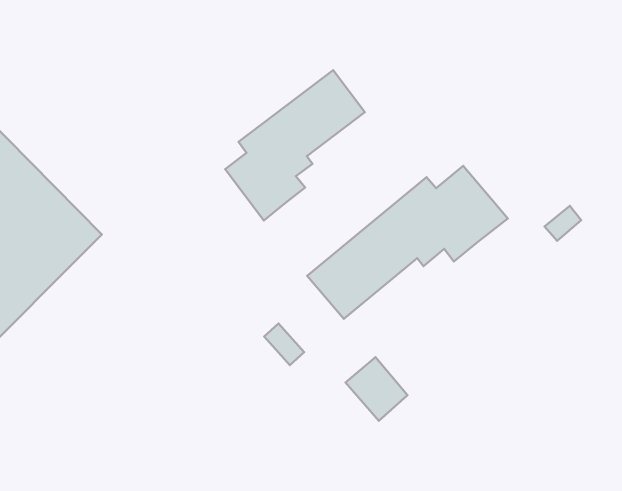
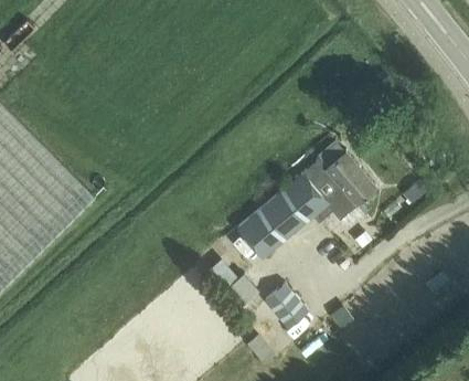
building: [225,70,365,220] -> none

